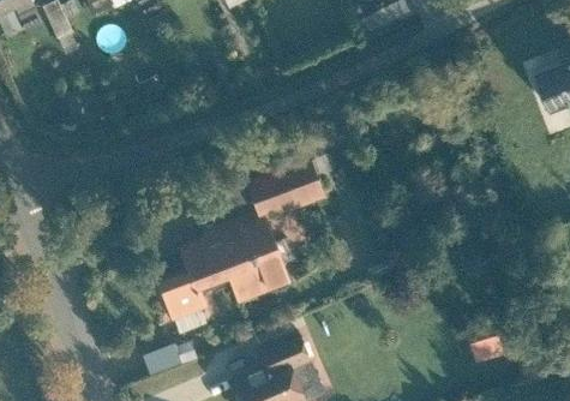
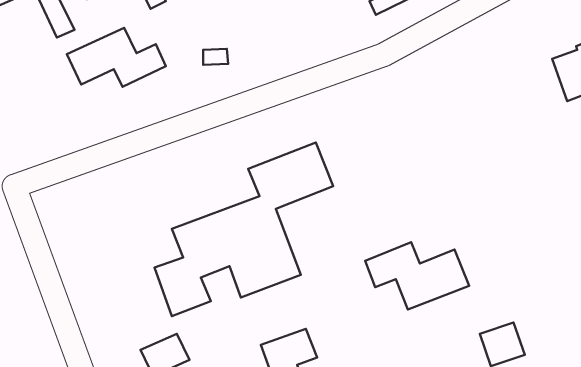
building: none -> [67,28,166,87]
building: none -> [365,242,469,309]

